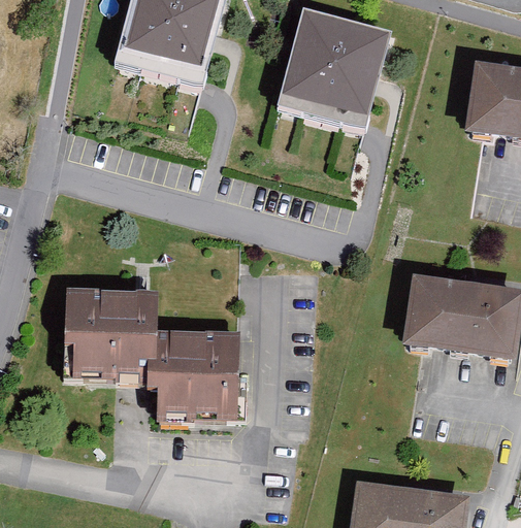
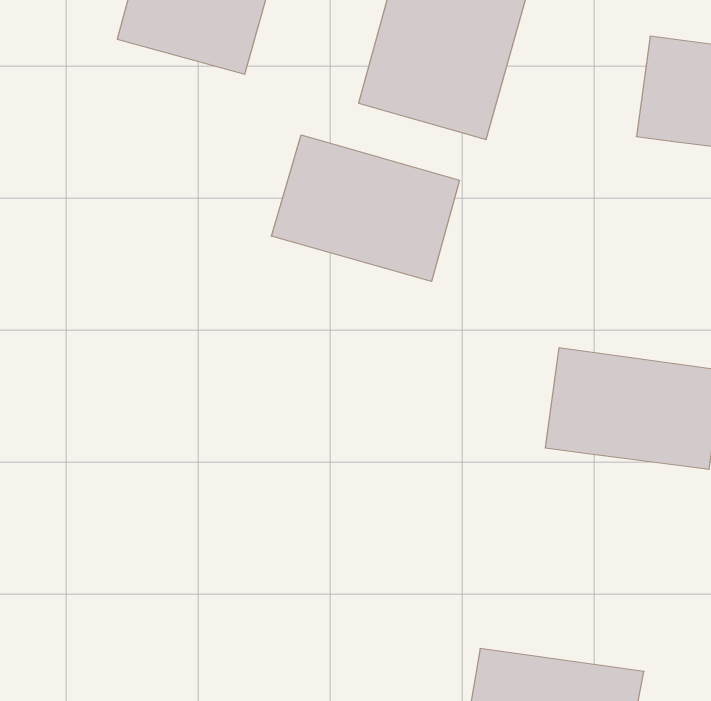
building: none -> [271,135,459,281]
building: [70,292,237,417] -> none

